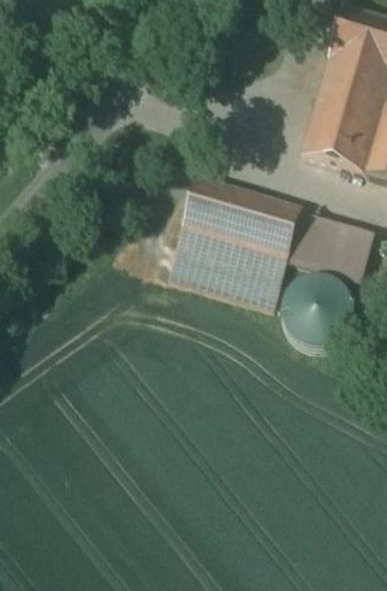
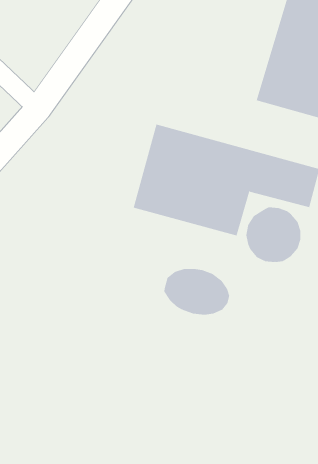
building: none -> [164,268,230,315]

